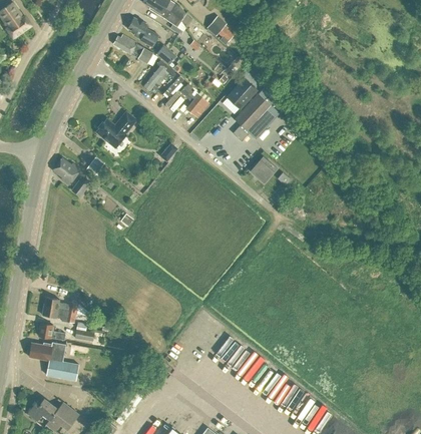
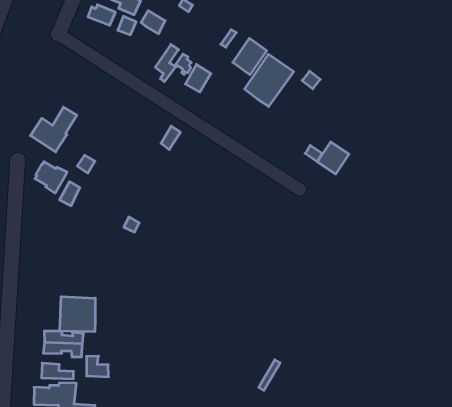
building: [142,58,176,91] -> none
building: [96,111,136,147] -> [30,107,77,152]
building: [250,156,277,183] -> [317,142,349,174]
building: none -> [60,297,95,332]

